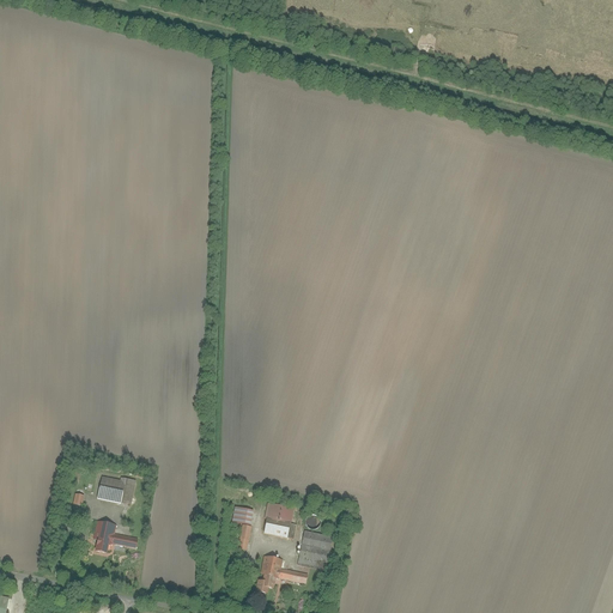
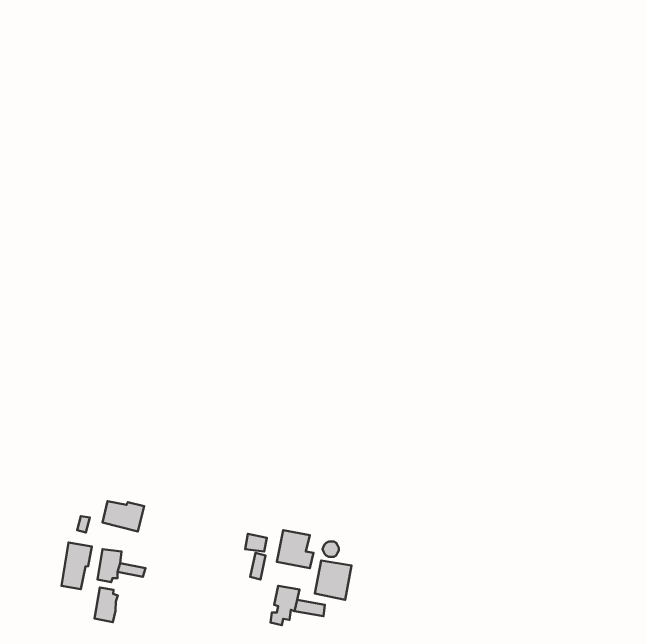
building: none -> [61,543,92,589]
building: none -> [95,588,118,622]

